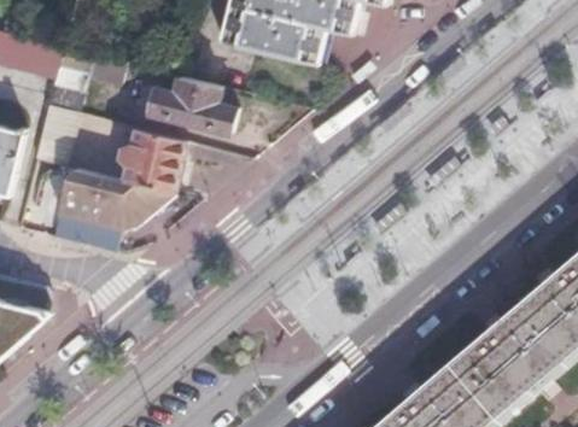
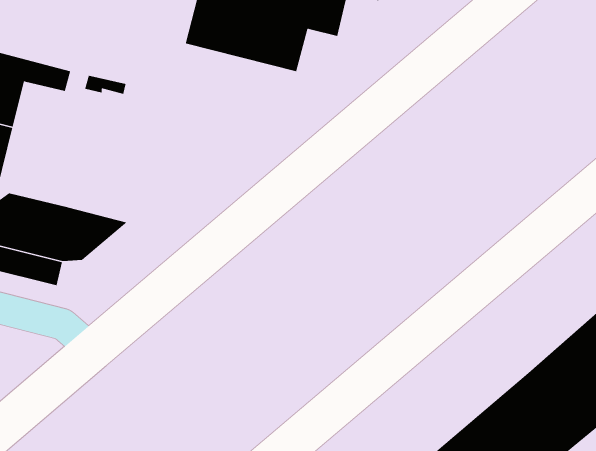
building: [147,75,233,131] -> none
building: [116,125,182,191] -> none

